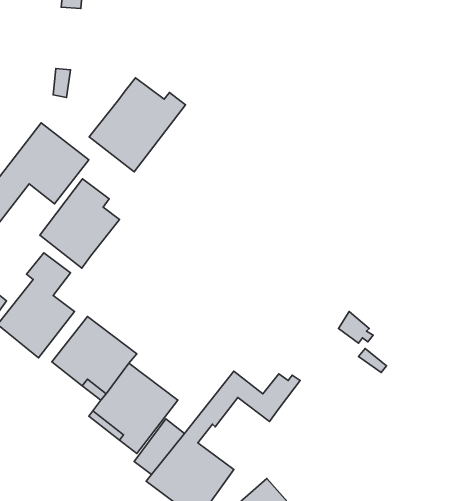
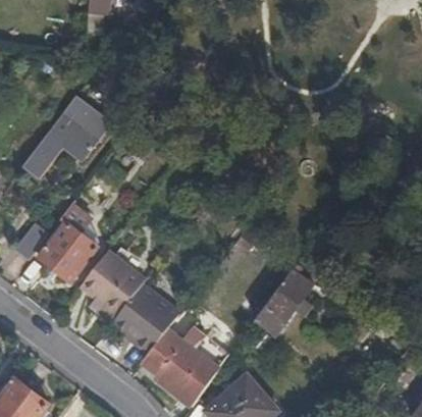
building: [89,78,185,172] -> none
building: [40,179,119,268] -> none
building: none -> [256,265,313,336]

